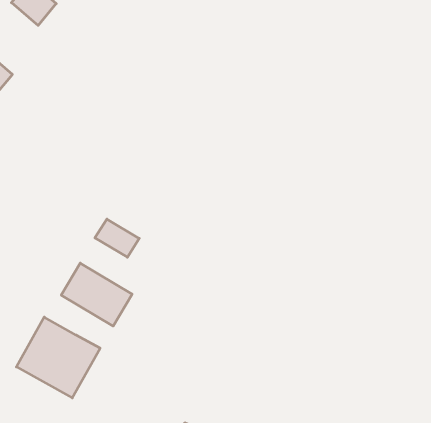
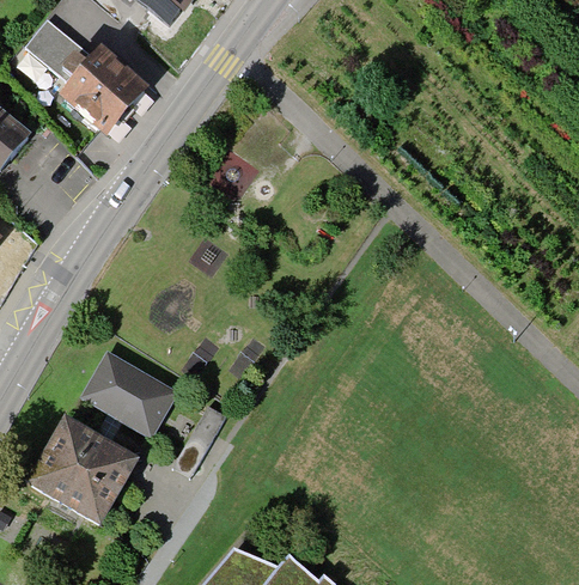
building: none -> [62,53,146,138]
building: [95,219,139,257] -> none

